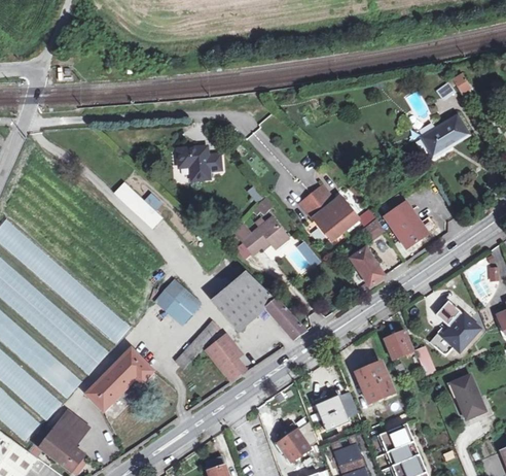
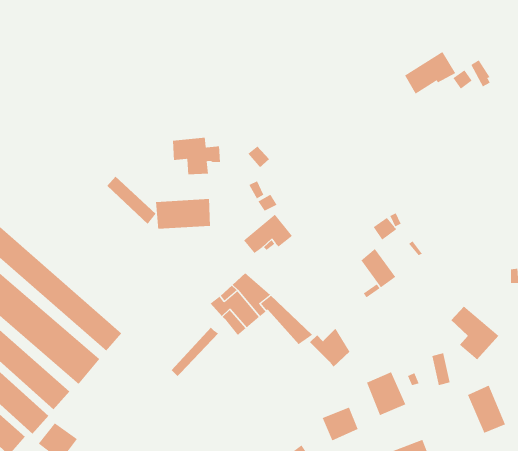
building: [421,114,469,155] -> [404,51,456,94]
building: [300,185,358,241] -> none
building: none -> [156,198,210,230]
building: [386,203,436,247] -> none
building: [157,281,200,321] -> none
building: none -> [309,328,350,368]
building: [383,331,411,360] -> none
building: [205,333,242,381] -> none
building: [86,350,151,409] -> none

